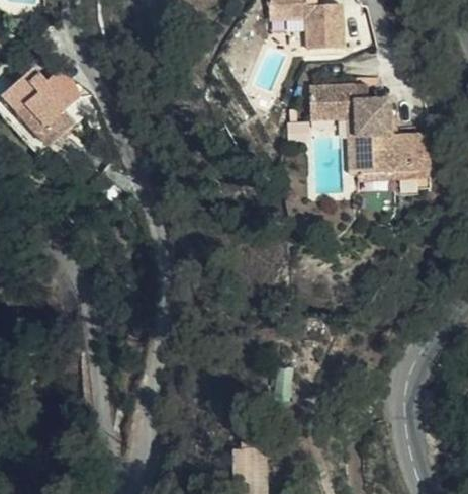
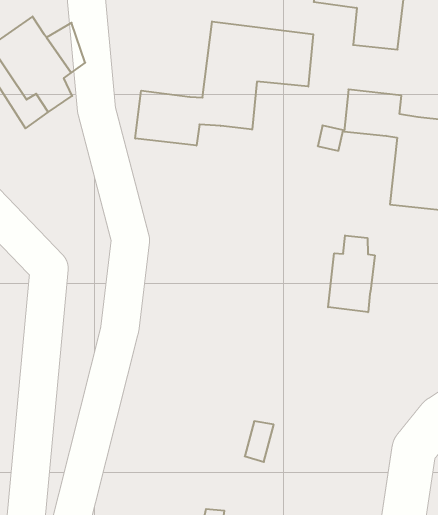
building: none -> [135,21,313,146]
building: none -> [328,235,375,312]

